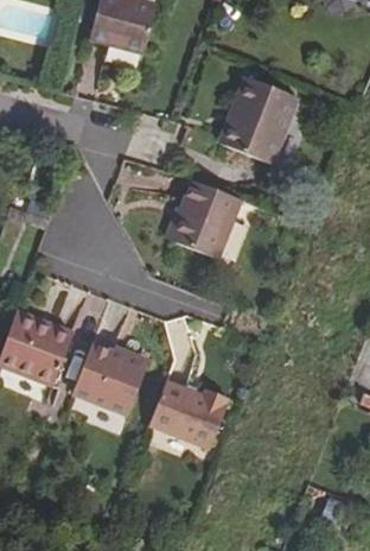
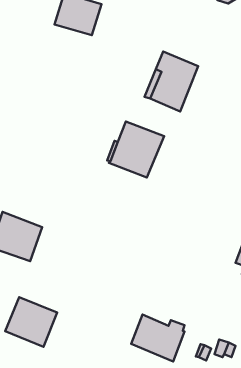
building: [72,341,148,413] -> [5,297,57,347]
building: [151,381,229,450] -> [131,314,185,362]

